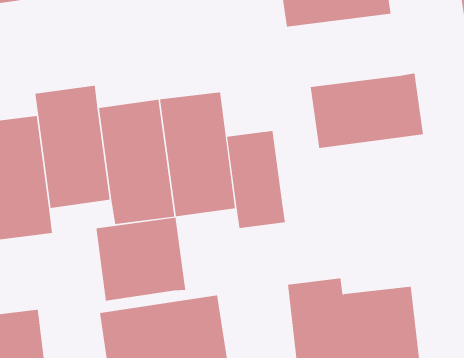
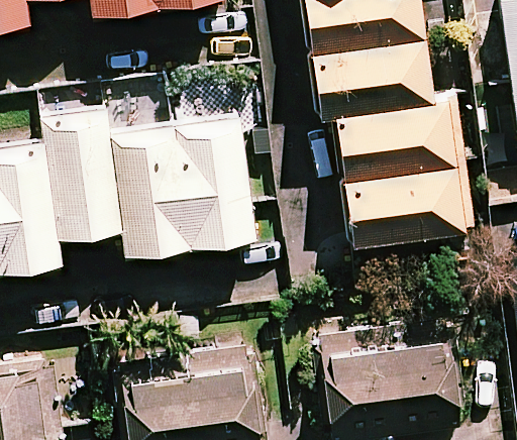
building: none -> [313,38,434,118]
building: [227,130,285,229] -> none
building: none -> [347,167,468,247]
building: [96,217,186,302] -> none

